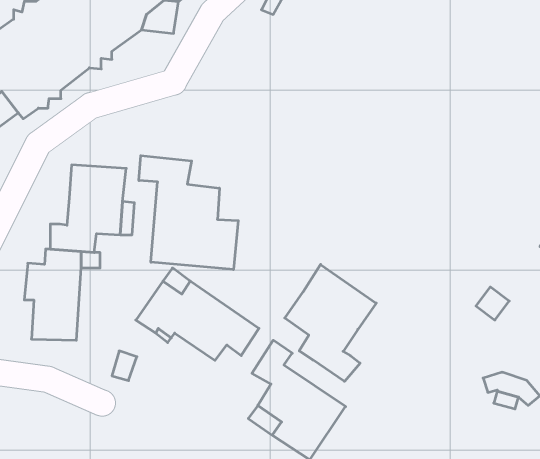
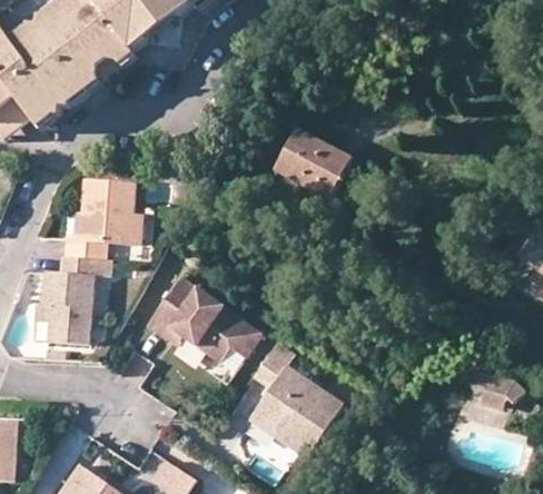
building: none -> [275,128,351,197]
building: [139,156,238,270] -> none
building: [285,264,376,381] -> none

